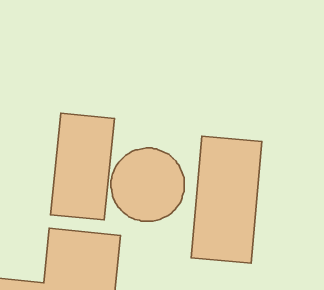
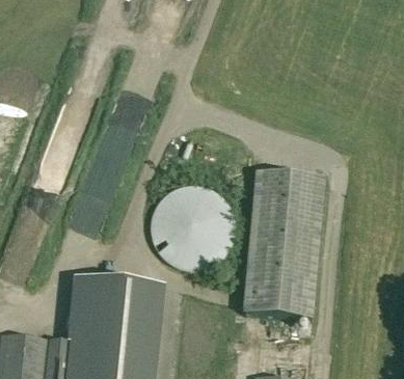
building: [51,113,114,220] -> none

